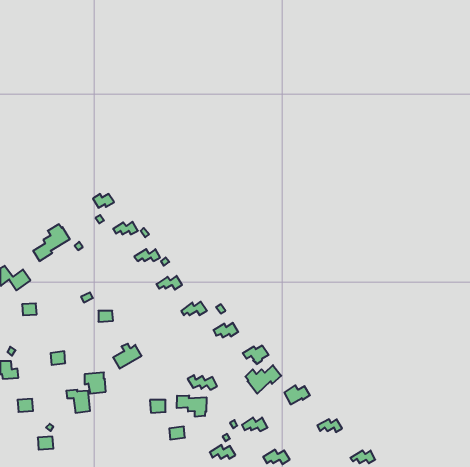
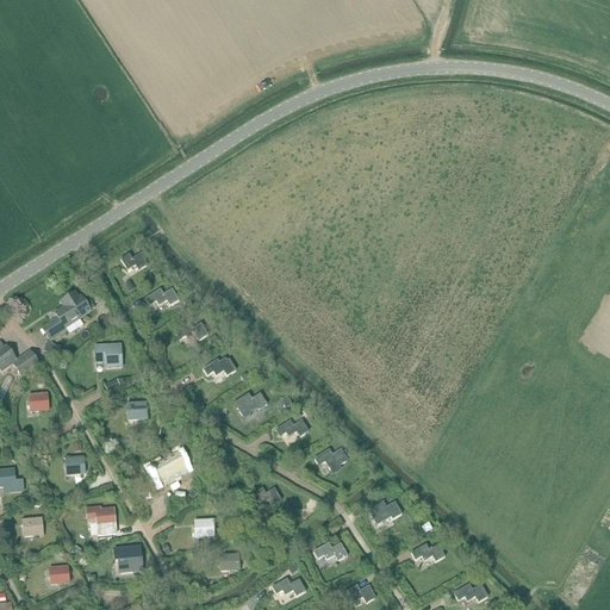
building: none -> [94,343,122,366]
building: [245,365,281,394] -> none
building: [85,372,106,394] -> [114,544,142,572]
building: [177,395,206,417] -> none

